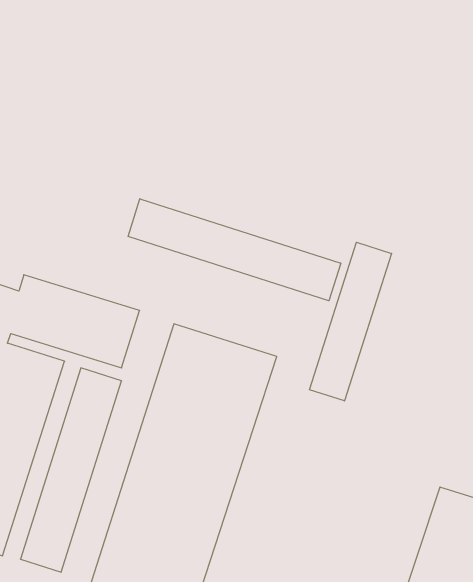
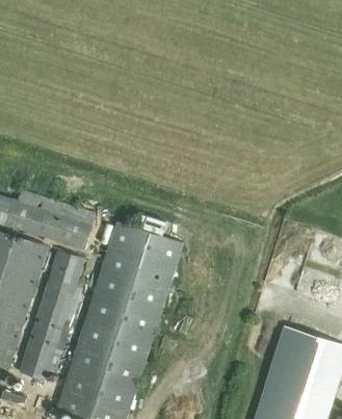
building: [128,199,341,301] -> none
building: [309,242,392,401] -> none

